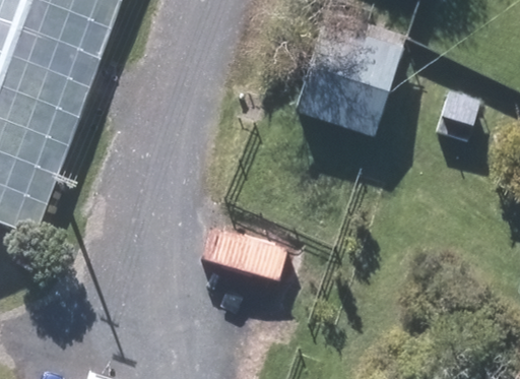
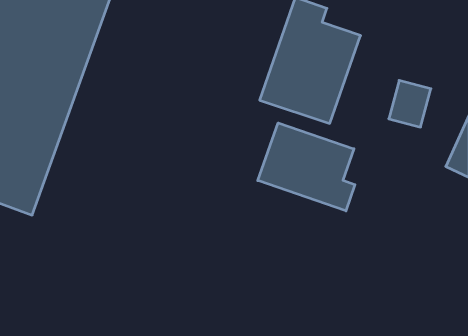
building: none -> [258,123,355,211]

